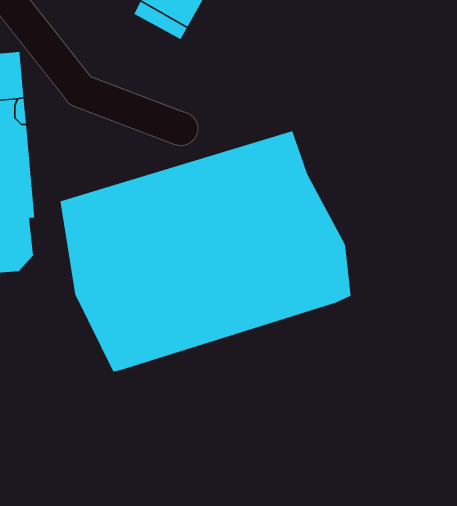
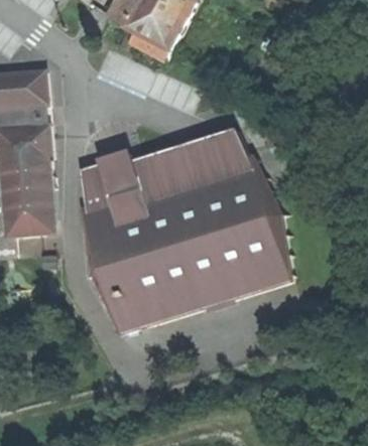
building: none -> [119,256,284,333]

